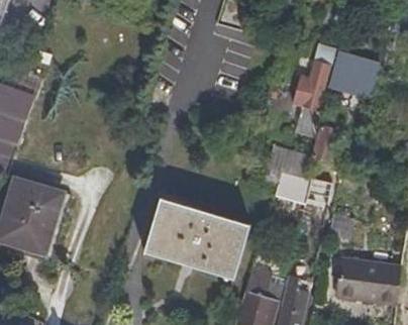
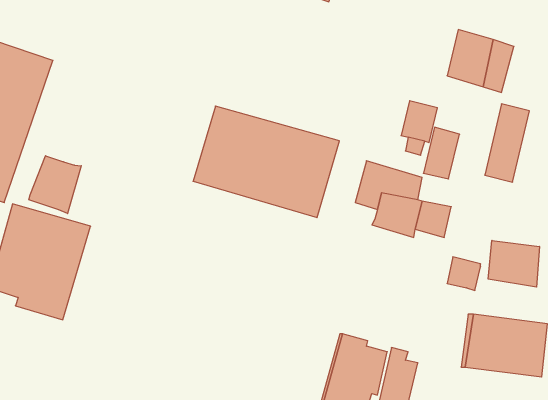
building: [301,52,333,109] -> [485,104,529,182]
building: none -> [29,156,81,214]
building: [143,198,249,279] -> [193,106,339,218]
building: none -> [488,240,539,287]

